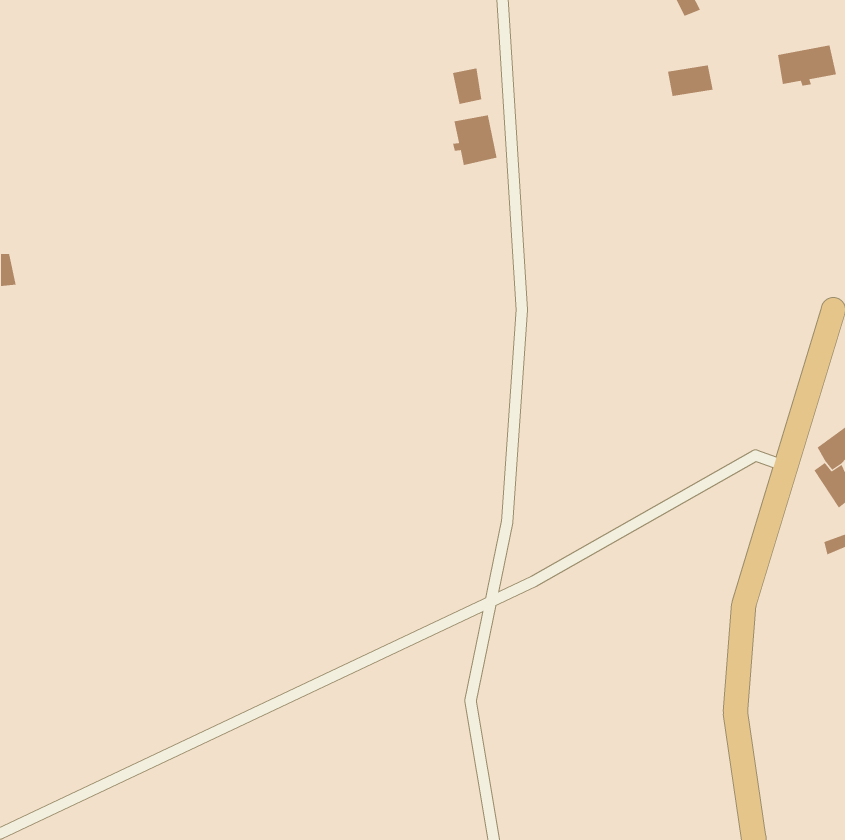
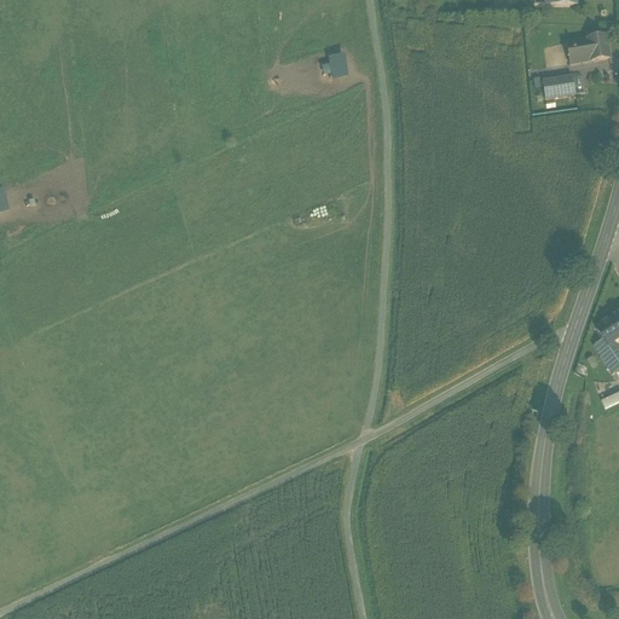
building: [667,65,713,96] -> [543,74,577,97]
building: [452,114,497,166] -> none

